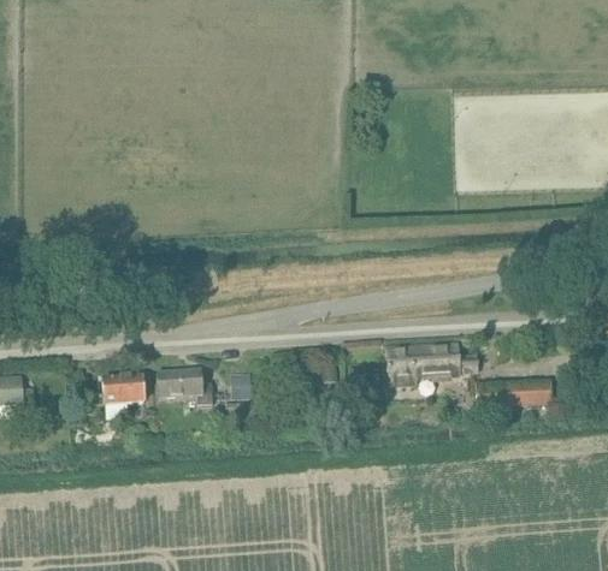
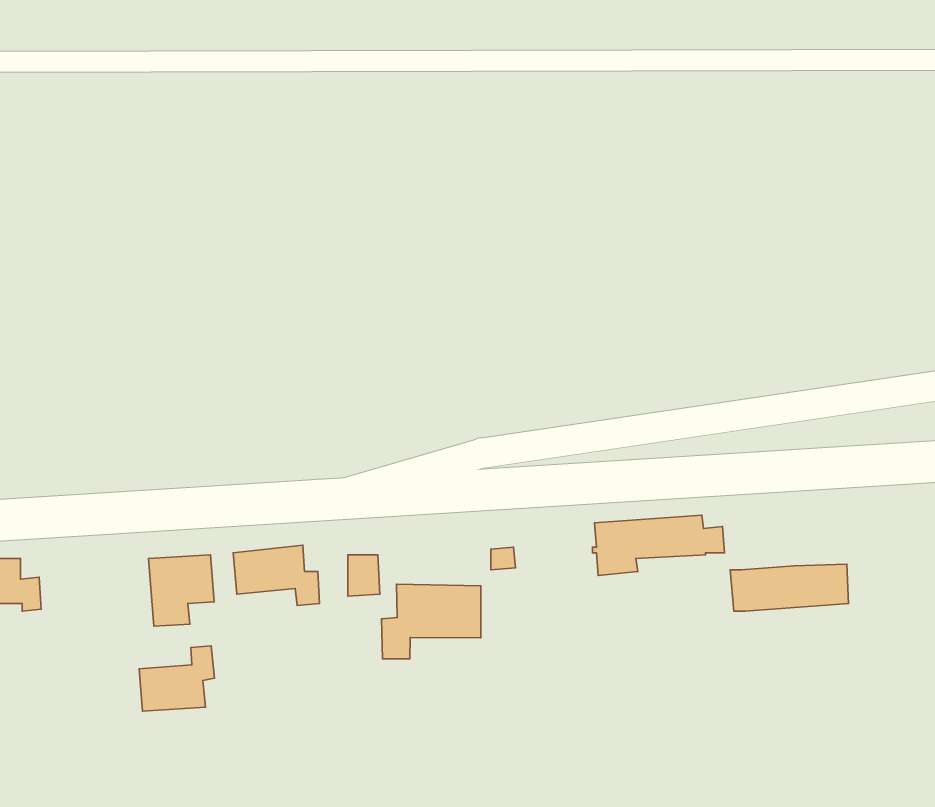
building: none -> [381,584,481,659]
building: none -> [139,646,215,711]

